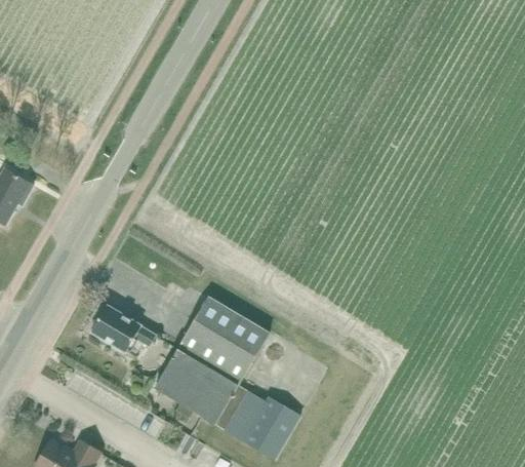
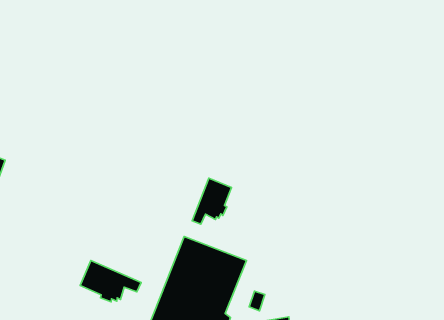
building: none -> [192,178,231,224]

